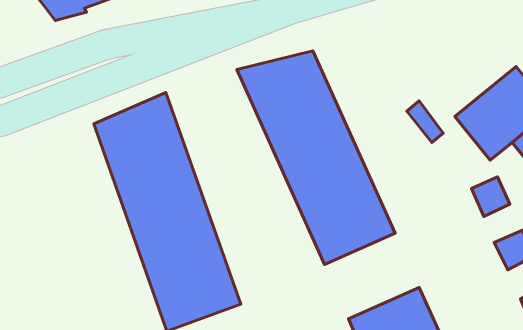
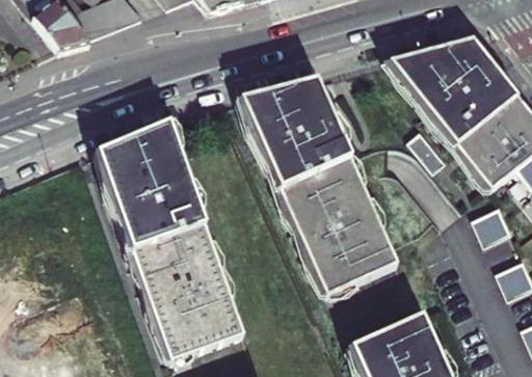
building: none -> [388,39,516,145]

